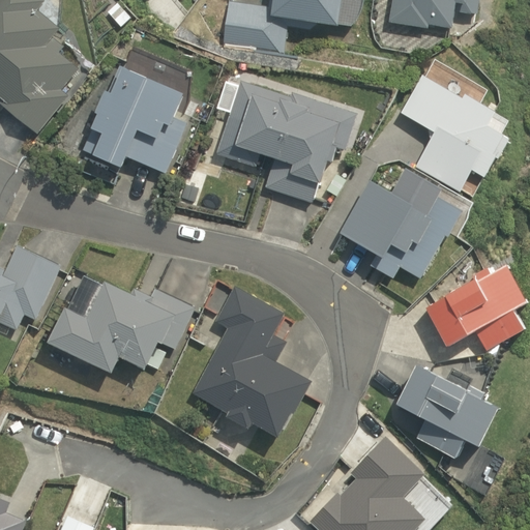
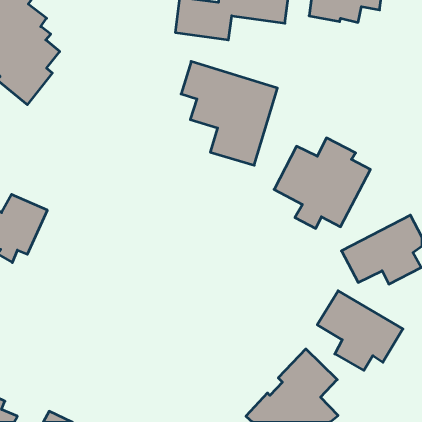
building: [78,58,186,170] -> none
building: [402,76,511,188] -> none
building: [48,277,190,369] -> none
building: [194,288,313,441] -> none

